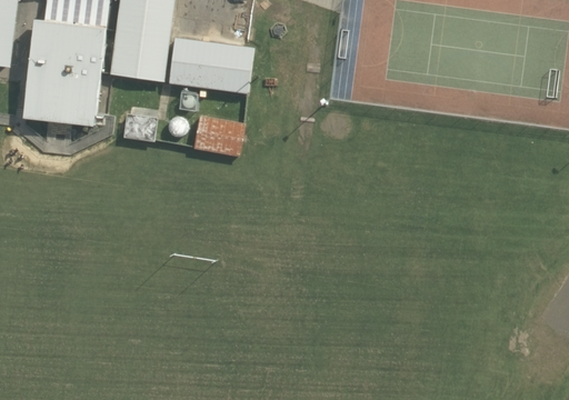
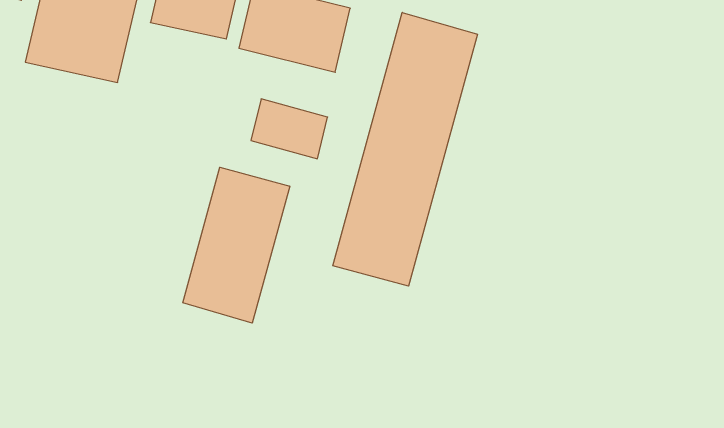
building: none -> [333,12,477,286]
building: none -> [183,167,290,323]

